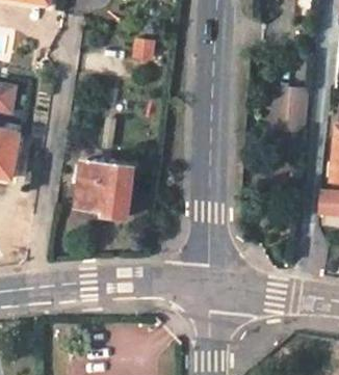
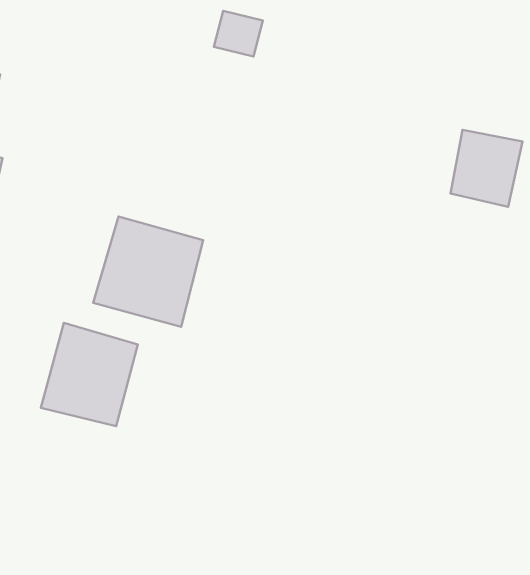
building: none -> [41,323,138,426]

